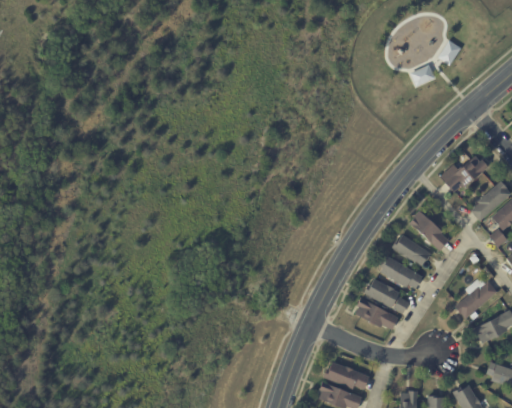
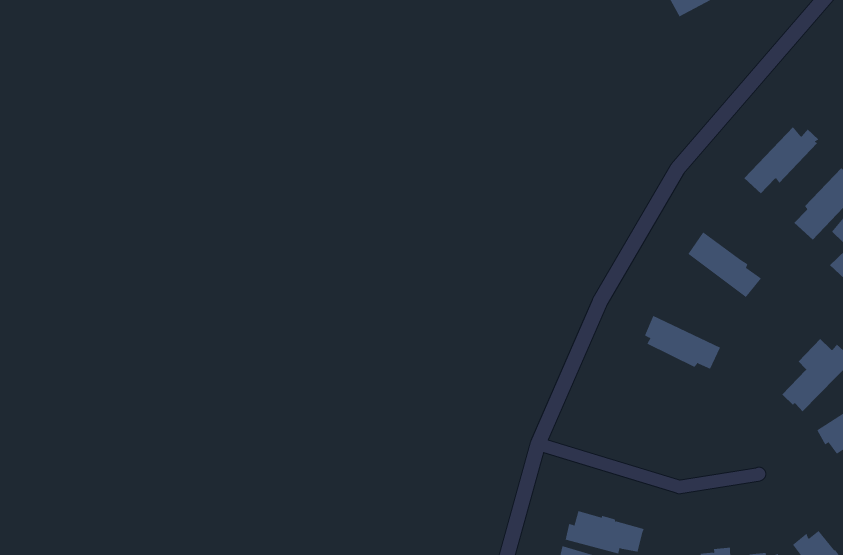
building: [393,234,432,268] -> none
building: [364,279,410,314] -> none
building: [355,298,398,330] -> none

